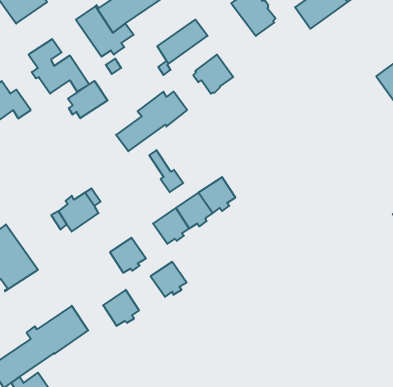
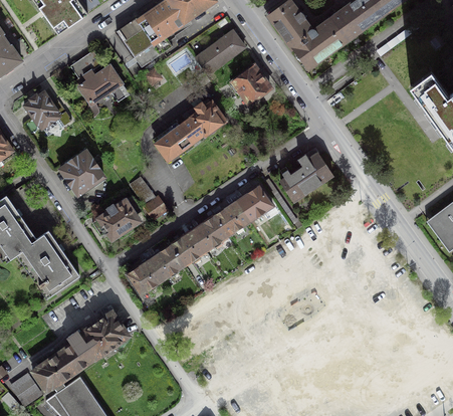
building: none -> [292,19,346,68]
building: [68,81,108,118] -> none
building: none -> [60,151,103,194]
building: none -> [280,153,332,201]
building: [149,150,183,192] -> [133,178,166,219]
building: [151,262,187,297] -> [171,230,206,264]
building: [103,290,139,326] -> [128,258,163,293]

